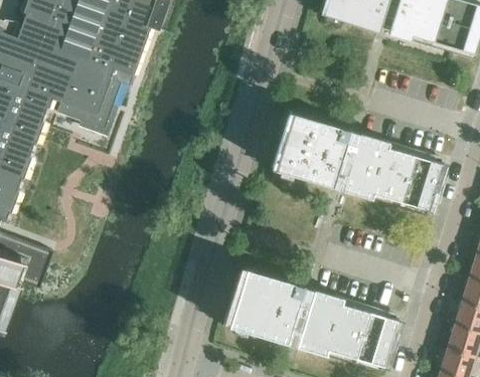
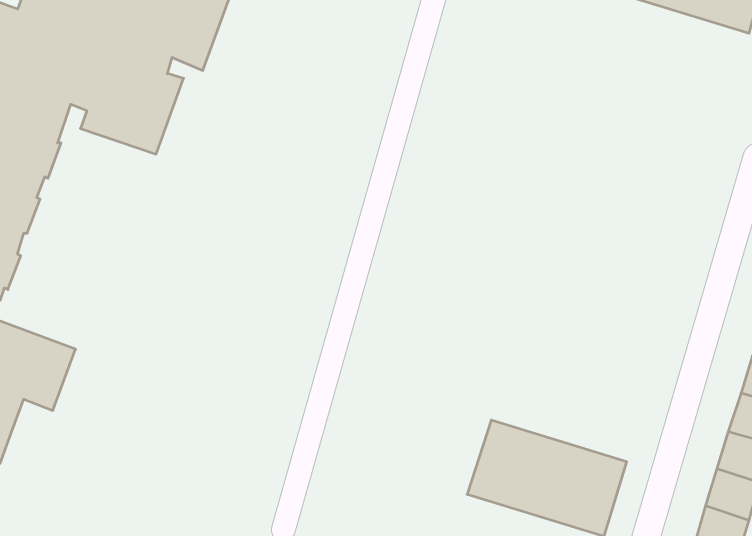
building: [275,113,350,188] -> none
building: [344,139,443,211] -> none
building: [228,268,305,344] -> none

